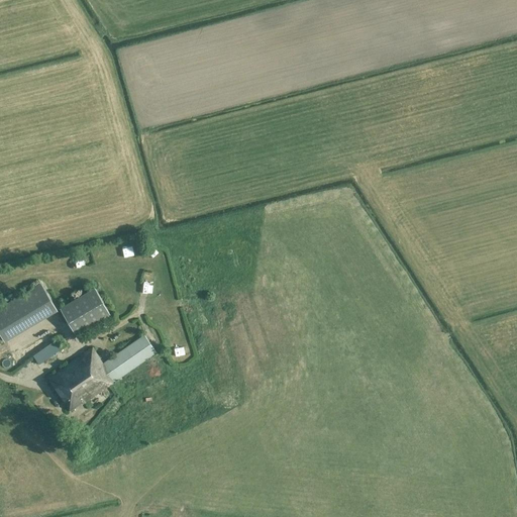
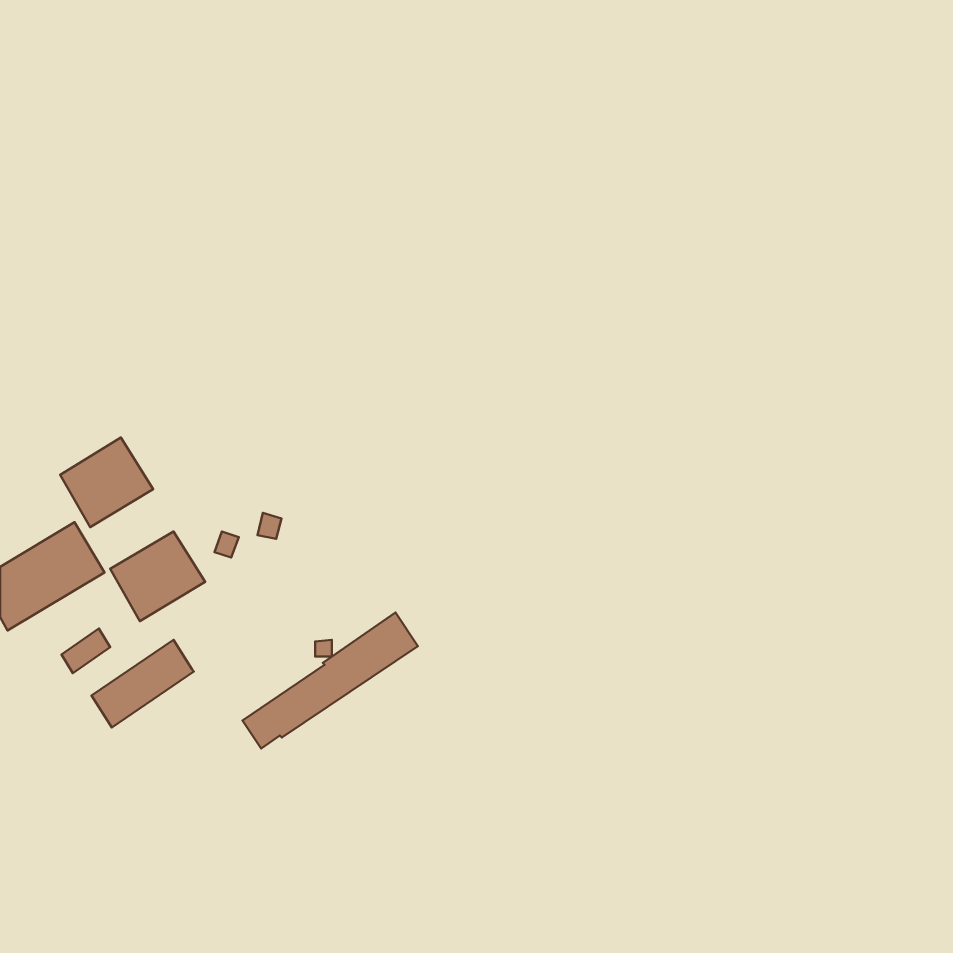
building: none -> [60,438,153,527]
building: [61,335,156,409] -> [243,612,418,749]

